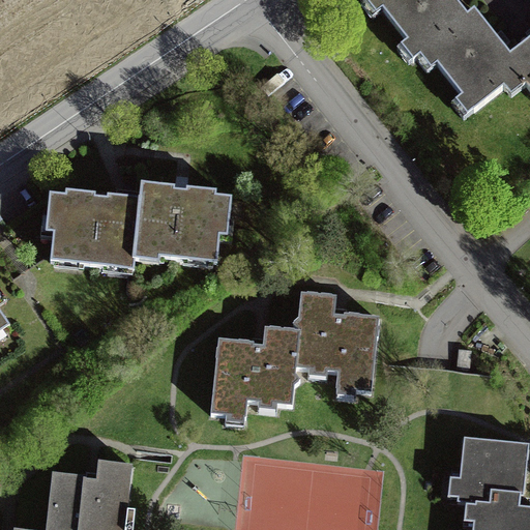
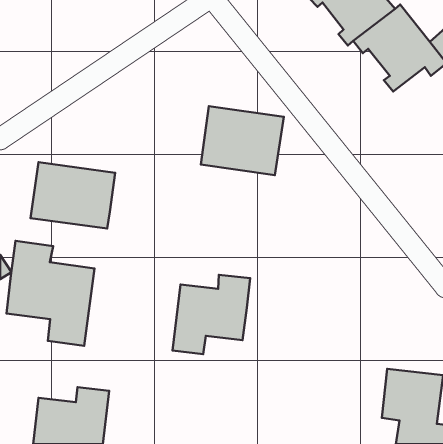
building: [134,182,232,264] -> [201,106,284,175]
building: none -> [6,241,95,346]
building: [296,297,376,394] -> none

